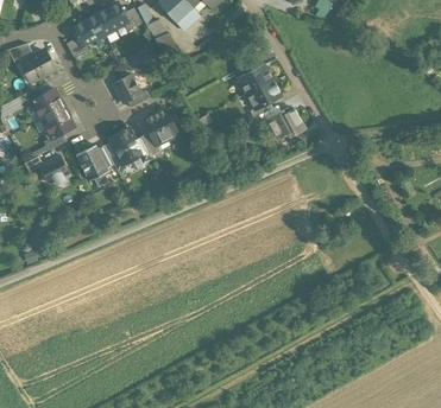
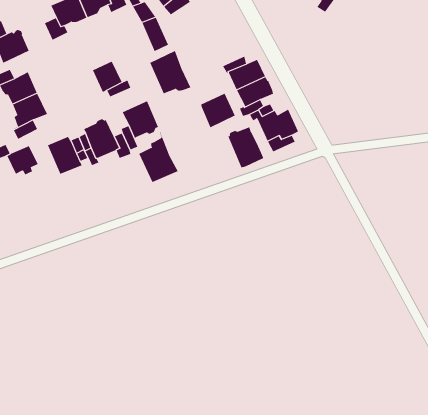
building: none -> [149,50,191,94]
building: none -> [200,93,236,128]
building: none -> [227,126,264,168]
building: none -> [139,131,179,183]

